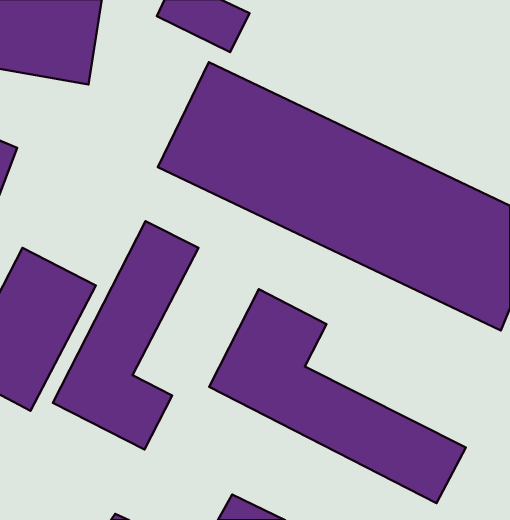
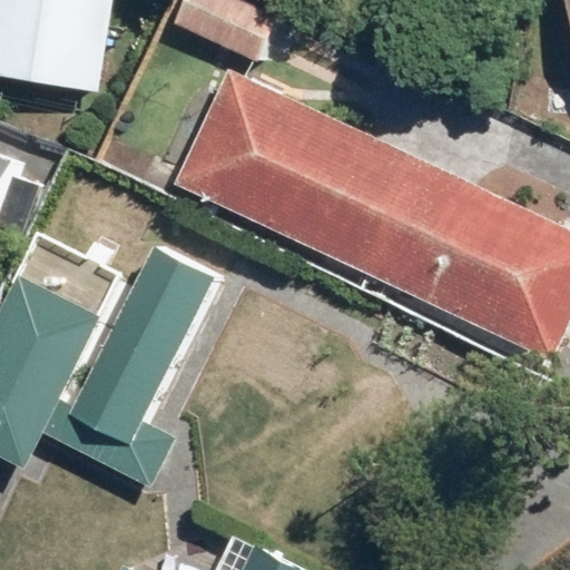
building: [209,289,466,503] -> none

